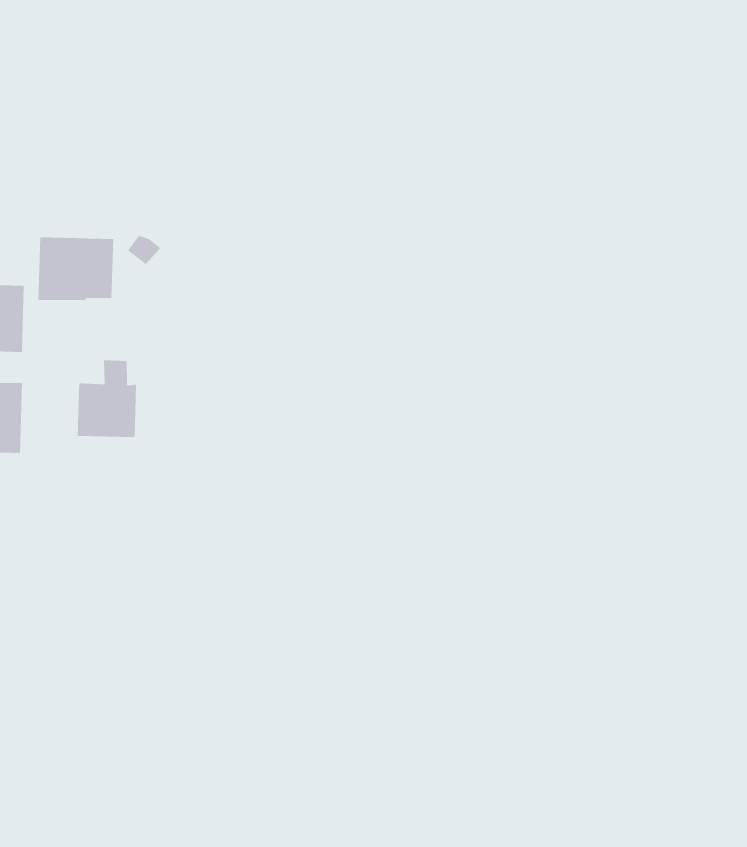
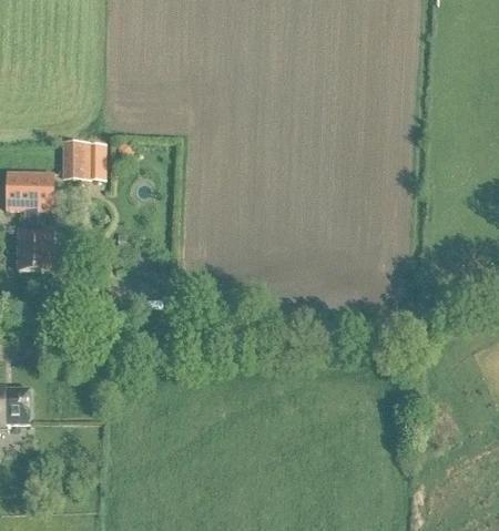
building: [77,360,137,438] -> none

